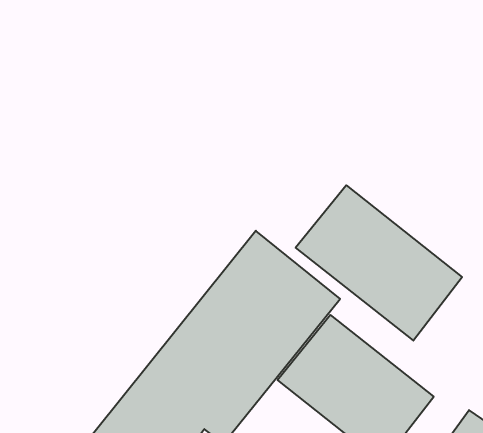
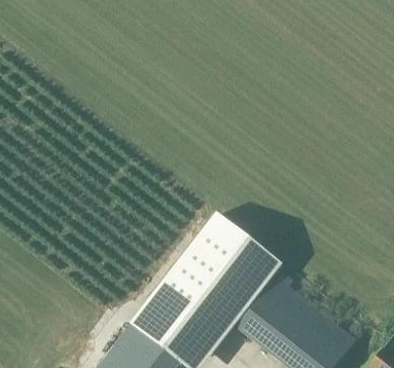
building: [296,185,462,341] -> none

